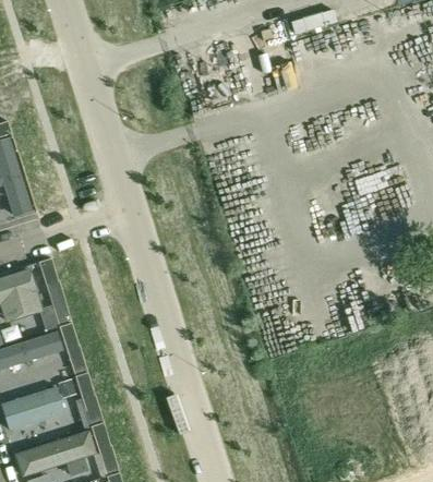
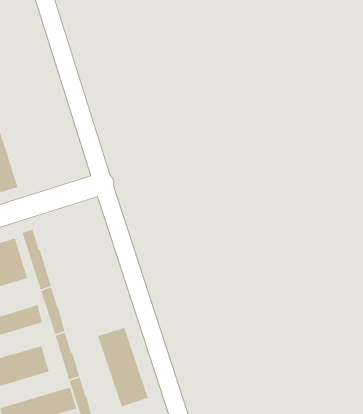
building: none -> [97,327,149,407]

